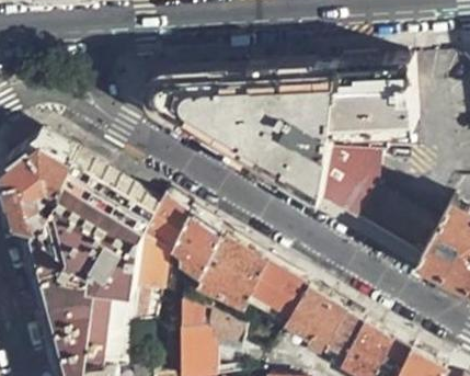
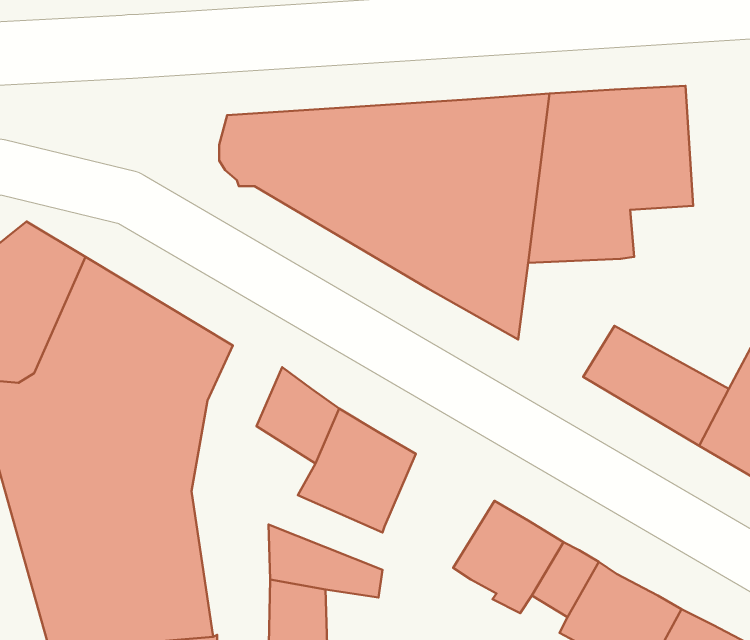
building: [313,157,371,223] -> none
building: [131,198,182,288] -> none
building: [239,265,300,329] -> none

